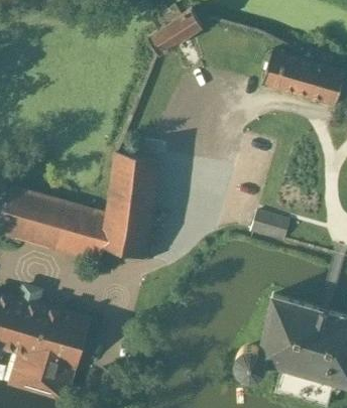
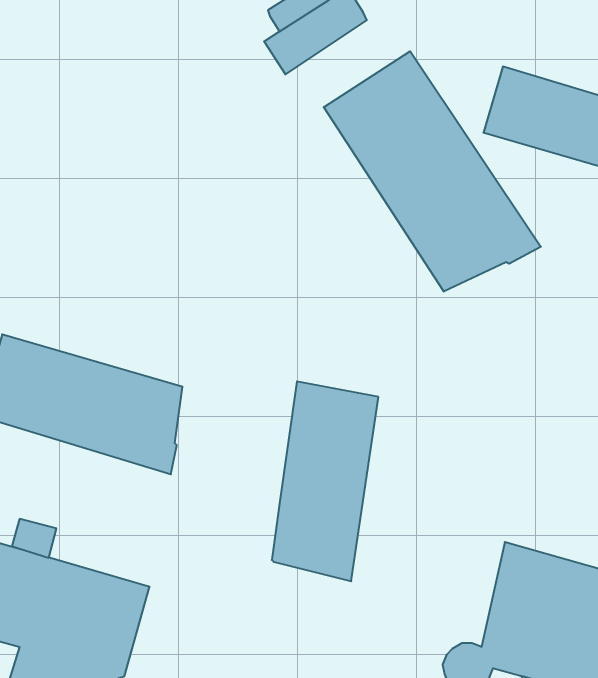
building: none -> [324,51,541,292]
building: [102,153,157,257] -> [272,381,378,581]
building: [251,212,288,240] -> none

